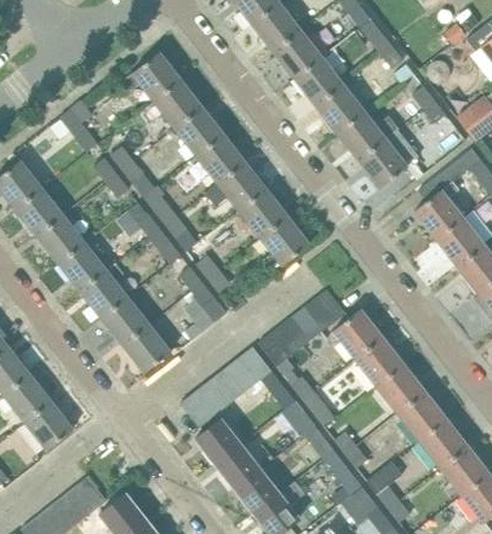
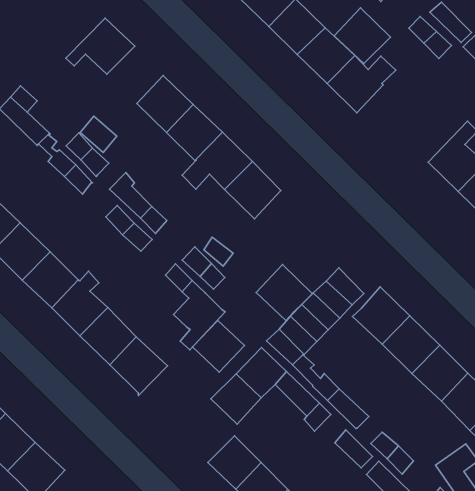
building: [153,79,200,127] -> none
building: [359,139,406,186] -> [334,8,390,64]
building: [261,217,308,264] -> [256,265,312,320]
building: [179,384,223,427] -> [193,320,244,372]

